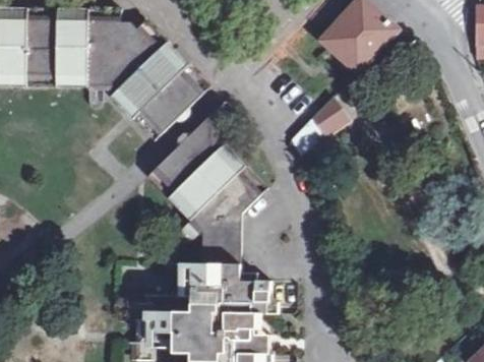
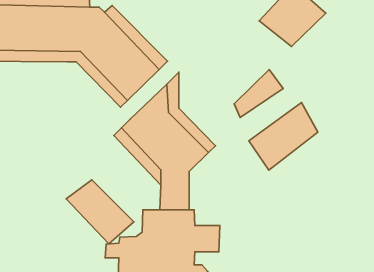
building: none -> [249,103,318,170]
building: none -> [66,180,134,244]

